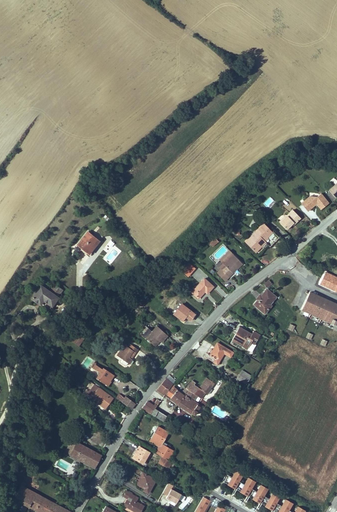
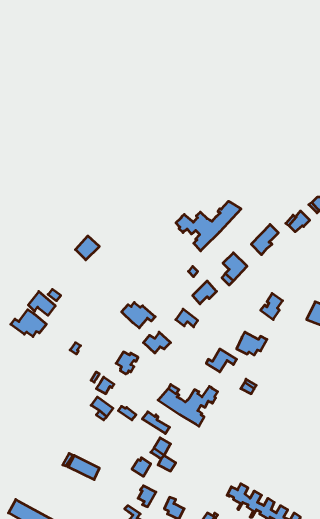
building: none -> [176,201,241,251]
building: none -> [122,302,155,328]
building: none -> [11,310,46,337]

